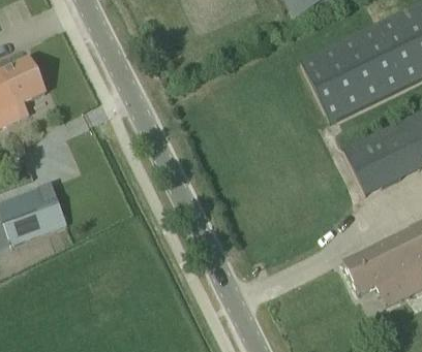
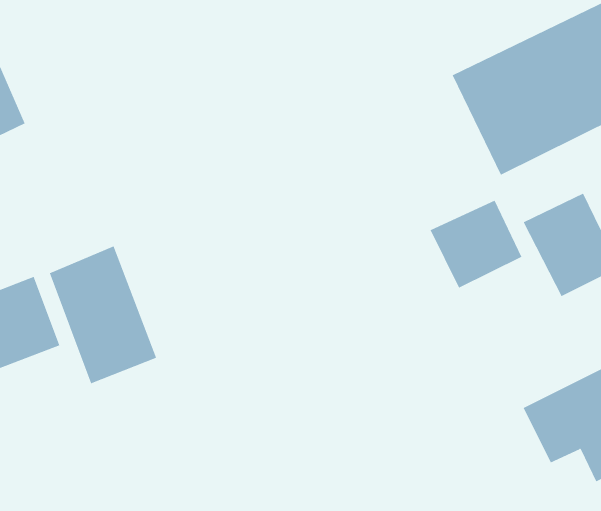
building: none -> [430,200,522,288]
building: none -> [49,245,157,384]

